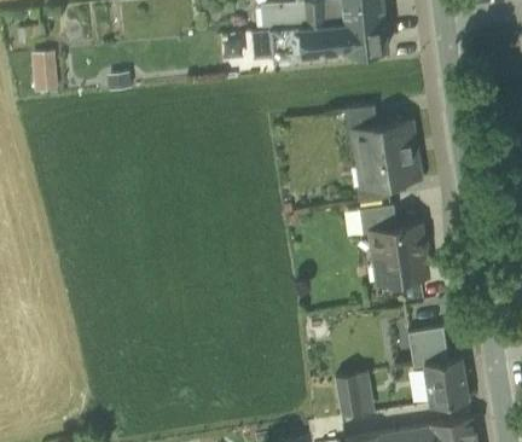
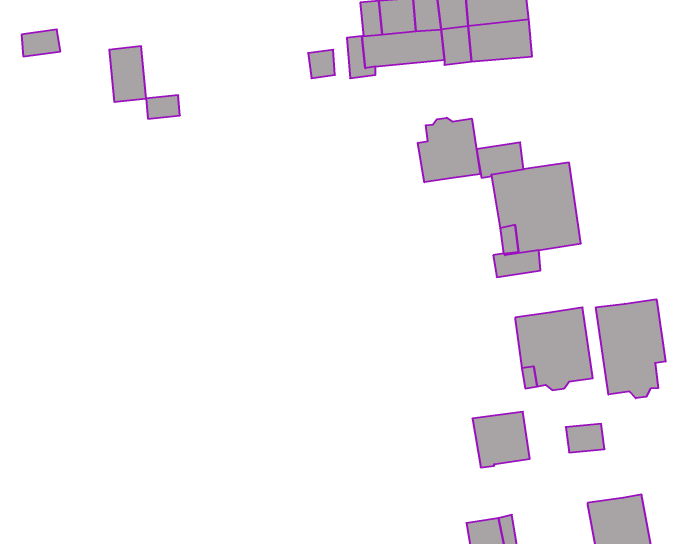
building: [33,52,59,92] -> [109,46,146,102]
building: none -> [418,118,480,182]
building: [360,205,398,235] -> none
building: none -> [596,299,666,398]
building: [408,328,449,368] -> [472,412,530,467]

